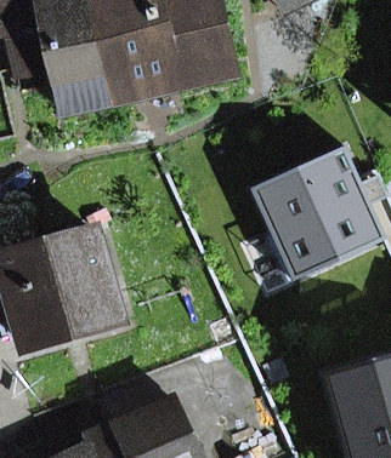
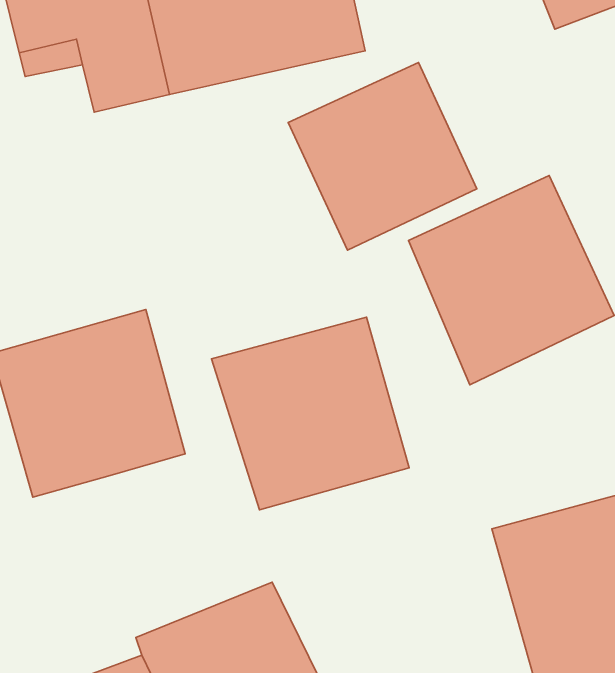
building: none -> [288,63,477,250]
building: none -> [211,317,409,510]

